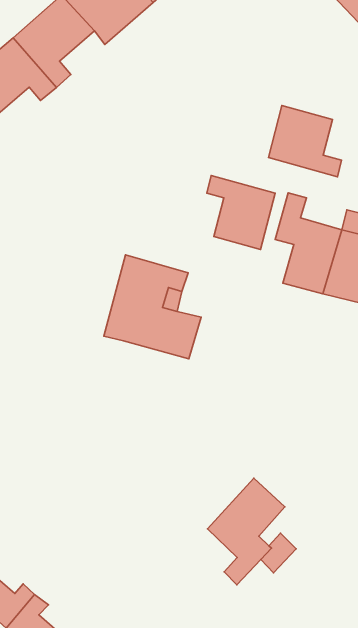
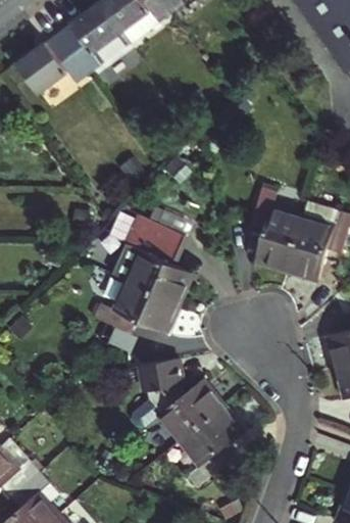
building: [268,105,342,177] -> none
building: [207,175,275,250] -> none
building: none -> [94,281,176,334]
building: none -> [131,353,218,434]

